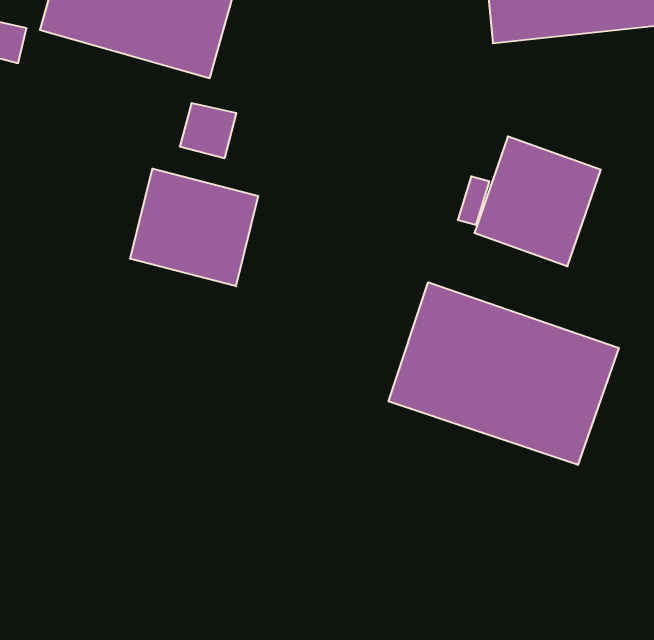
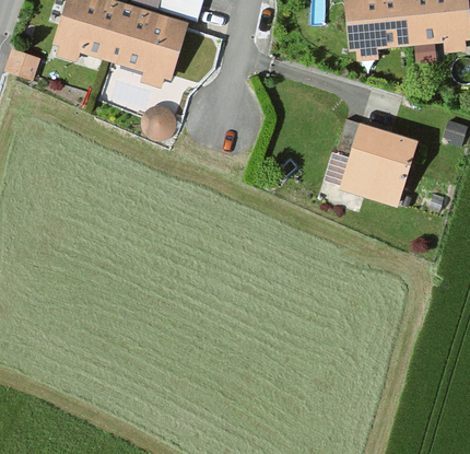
building: [130,169,258,286] -> none
building: [389,282,619,465] -> none

